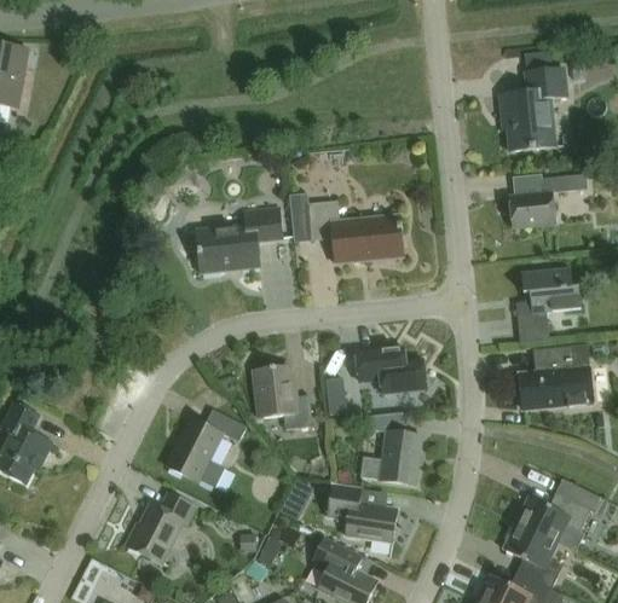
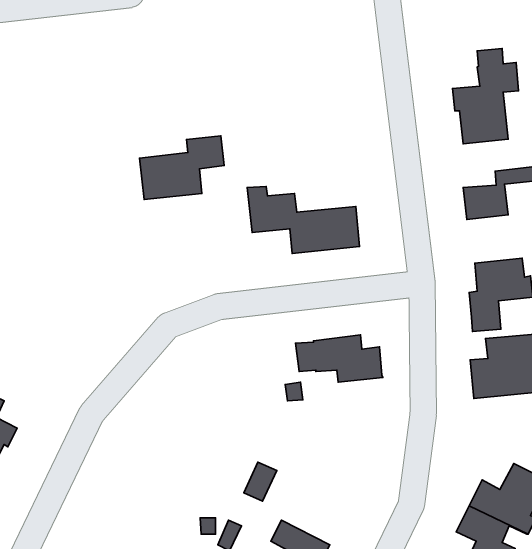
building: [196,208,283,273] -> [139,136,224,200]
building: [253,366,313,429] -> none
building: [167,408,247,488] -> none
building: [360,411,422,485] -> none
building: [327,483,399,544] -> none
building: [127,494,195,559] -> none

